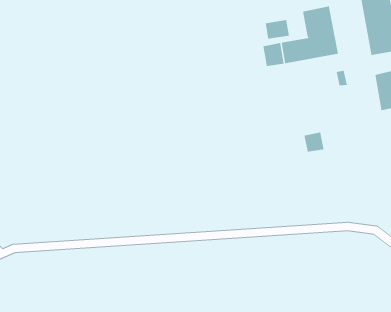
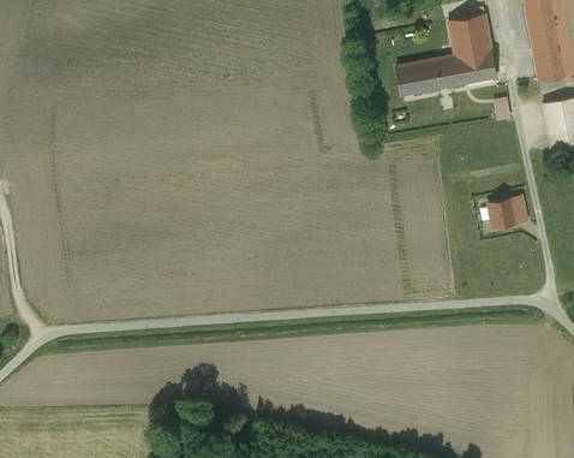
building: [265,19,290,39] -> none
building: [303,131,325,153] -> [490,200,518,227]

